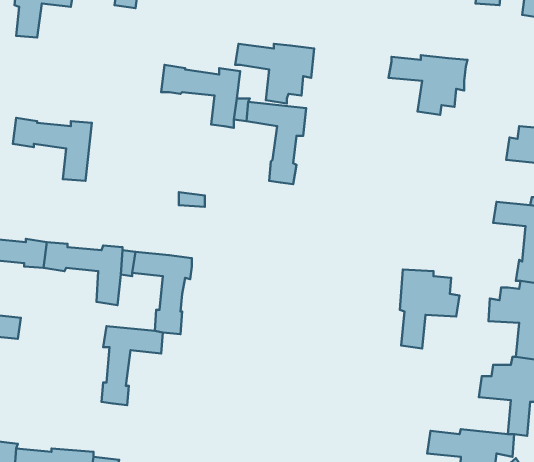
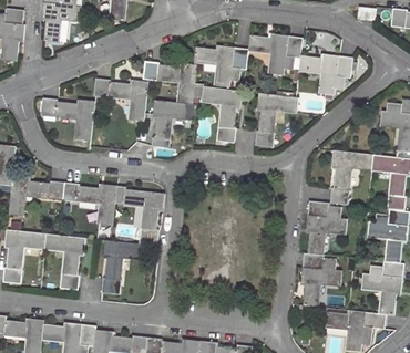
building: none -> [247,34,303,75]
building: none -> [93,79,147,122]
building: none -> [254,93,297,147]
building: none -> [151,100,185,147]
building: none -> [329,152,372,205]
building: none -> [43,235,84,290]
building: none -> [300,253,341,308]

